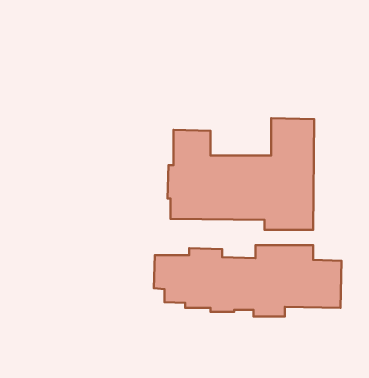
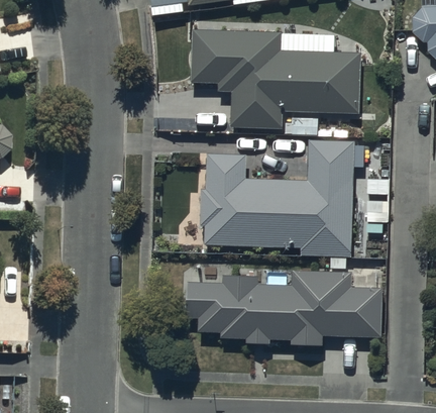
building: none -> [192,28,361,126]

